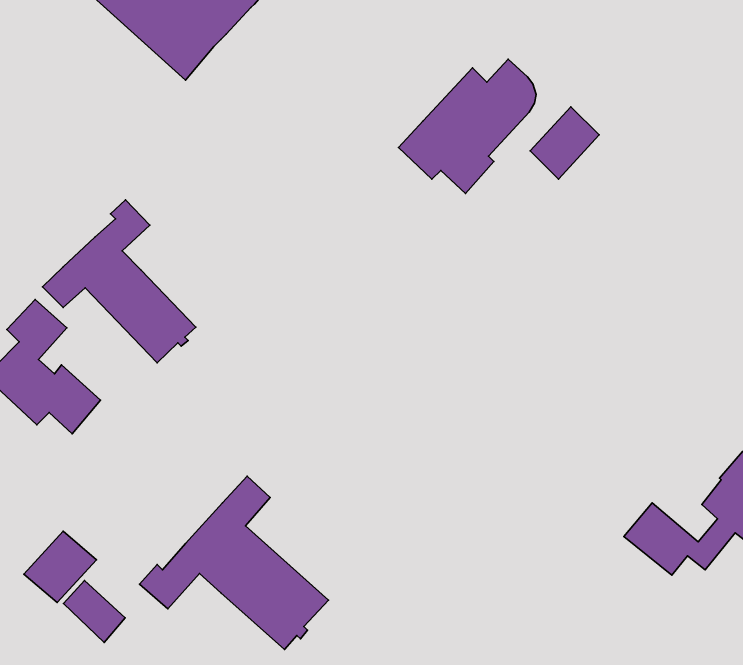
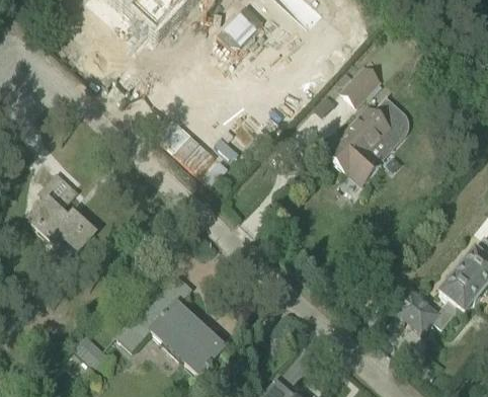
building: [398,59,536,193] -> [328,101,407,178]
building: [43,200,196,363] -> none
building: [24,531,97,603] -> none

